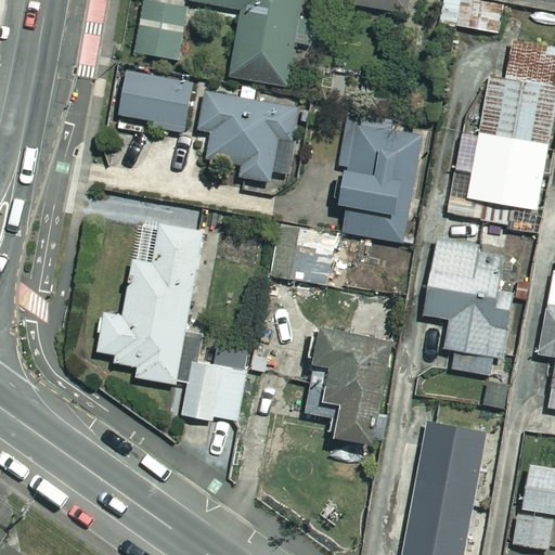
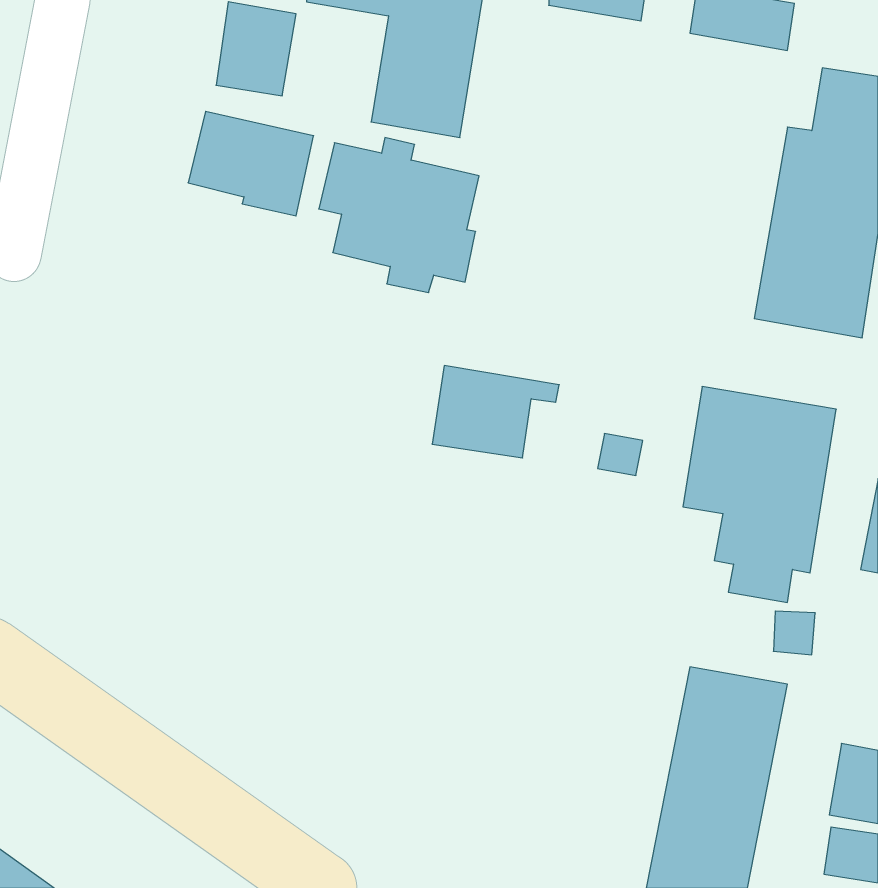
building: [333,115,420,242] -> none
building: [93,224,207,385] -> none
building: [306,327,397,447] -> none
building: [181,360,246,422] -> none

